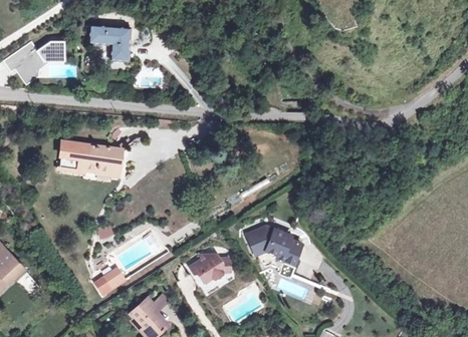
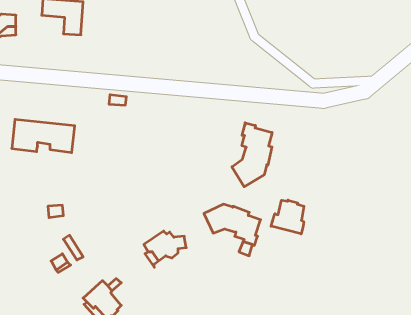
building: none -> [232,123,272,187]
building: none -> [271,200,304,234]

